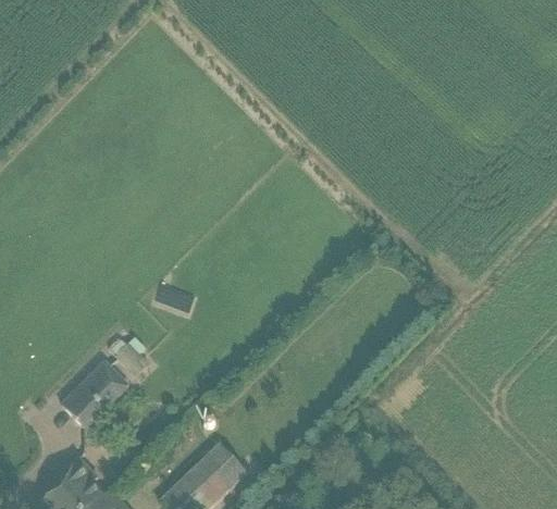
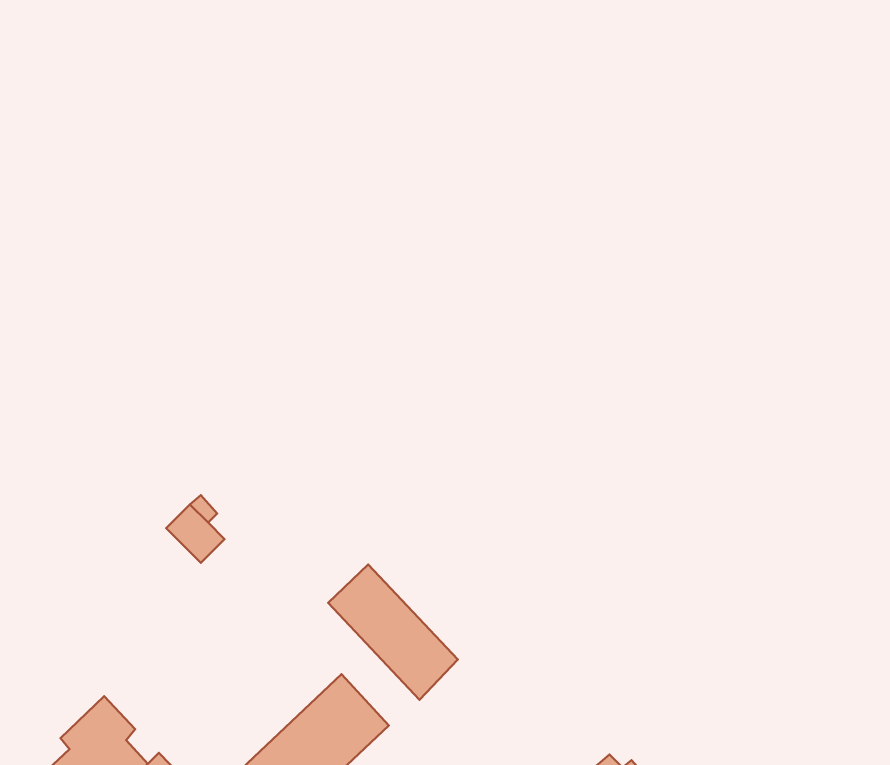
building: [62,360,129,427] -> none
building: none -> [328,564,458,700]

